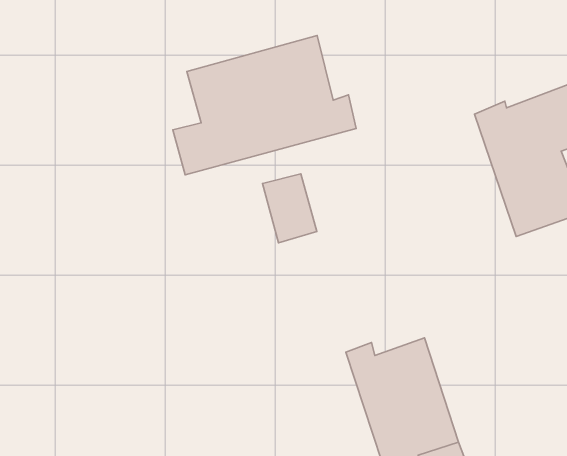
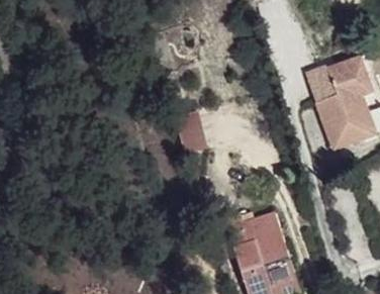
building: [173,36,356,175] -> none

